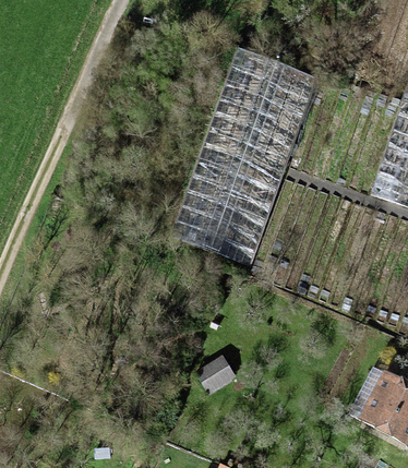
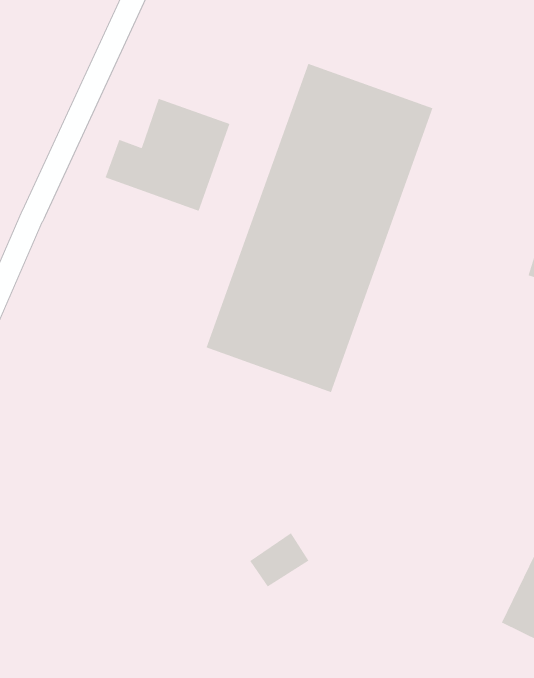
building: none -> [105,98,230,212]

